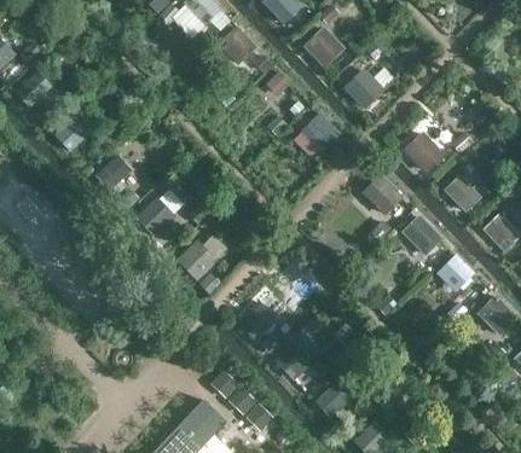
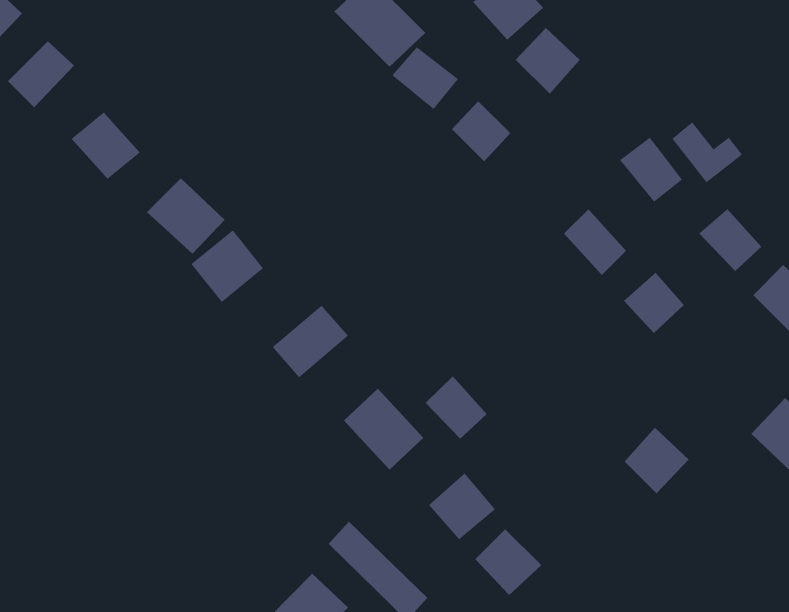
building: [438,252,479,295] -> [624,427,689,494]
building: none -> [425,376,488,440]

